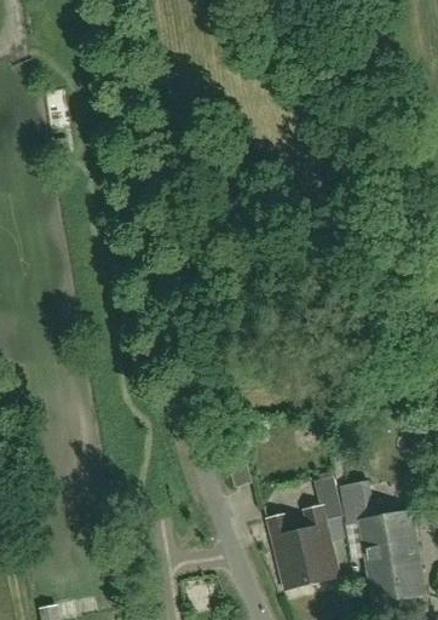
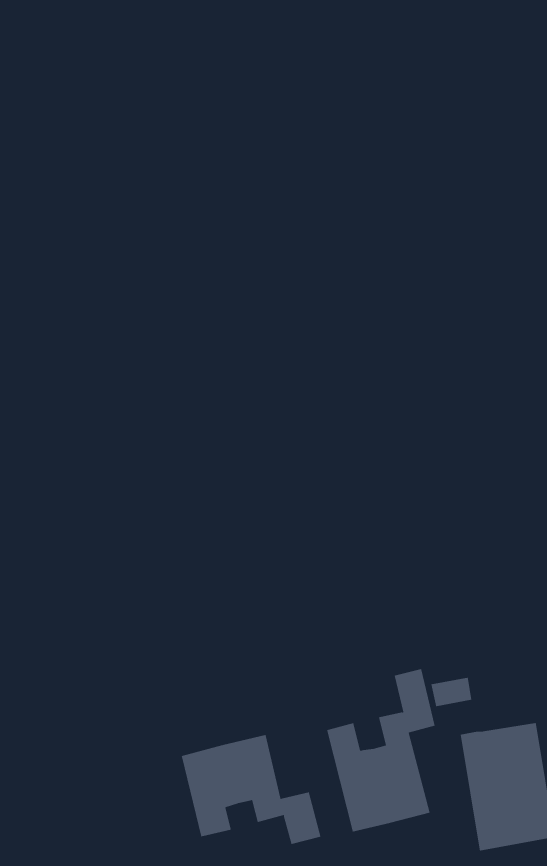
building: none -> [181,734,321,845]

